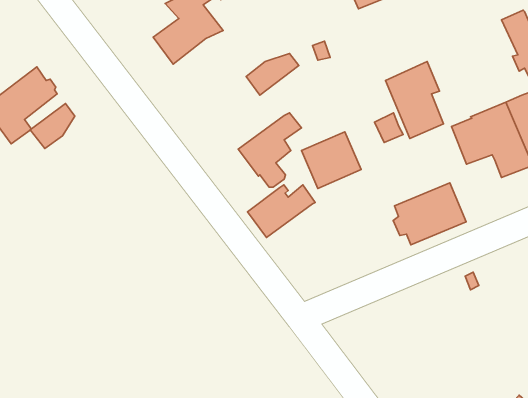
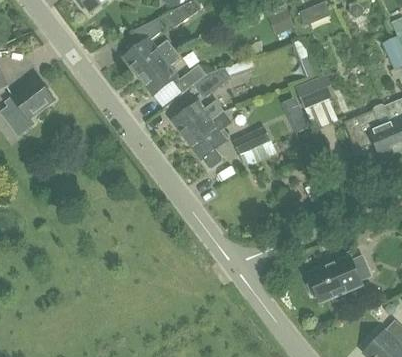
building: none -> [138,50,206,94]
building: [30,104,75,148] -> none
building: [393,183,466,245] -> [307,255,361,301]
building: [247,185,315,238] -> [172,99,222,138]

